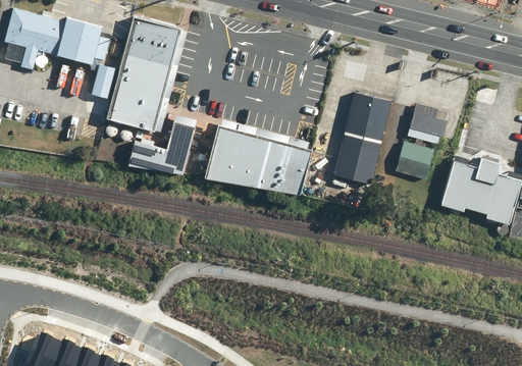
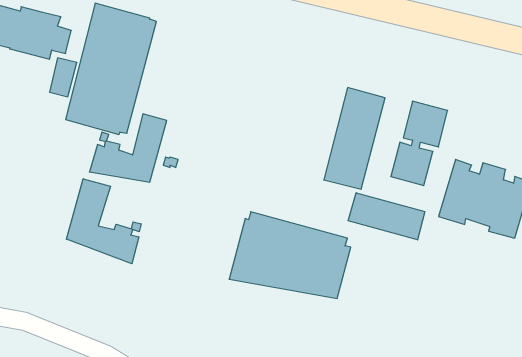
building: [201,119,310,197] -> [229,212,351,298]
building: none -> [66,179,141,264]
building: none -> [348,193,425,240]

